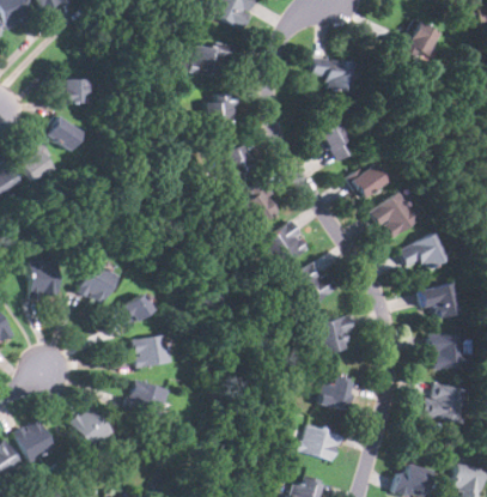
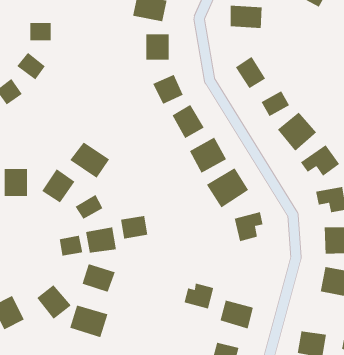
building: none -> [69,141,110,179]
building: none -> [120,215,148,239]
building: none -> [59,235,83,257]
building: [321,376,359,410] -> [184,283,214,309]
building: none -> [69,305,109,338]

